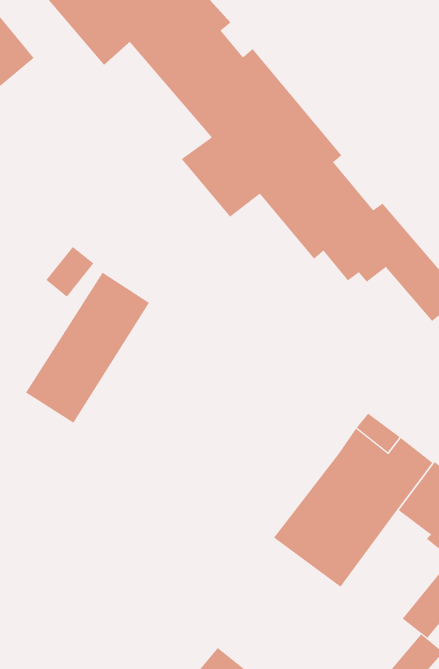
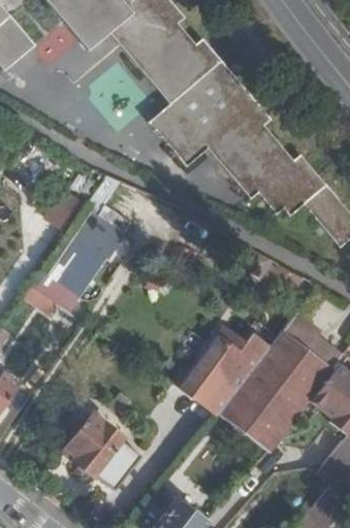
building: none -> [181,333,268,414]
building: none -> [66,412,137,484]

